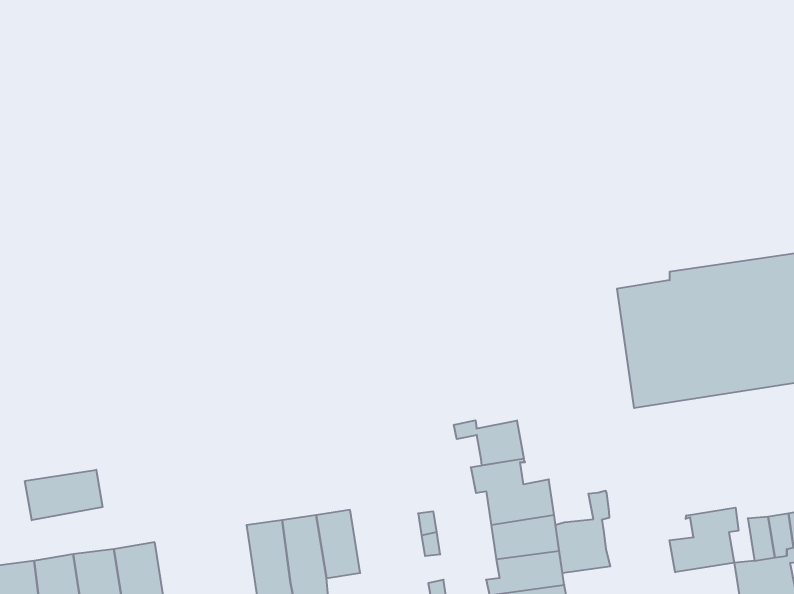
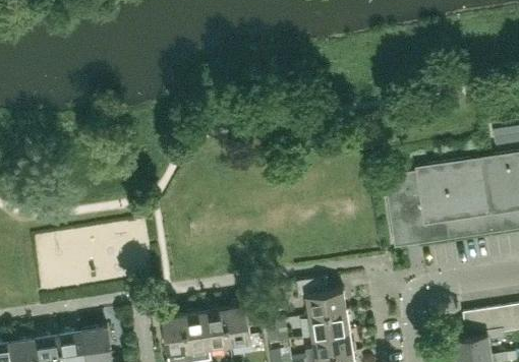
building: [454,420,524,466] -> none
building: [25,470,103,520] -> none
building: [555,491,610,573] -> none
building: none -> [224,305,251,346]
building: [669,508,738,572] -> none

